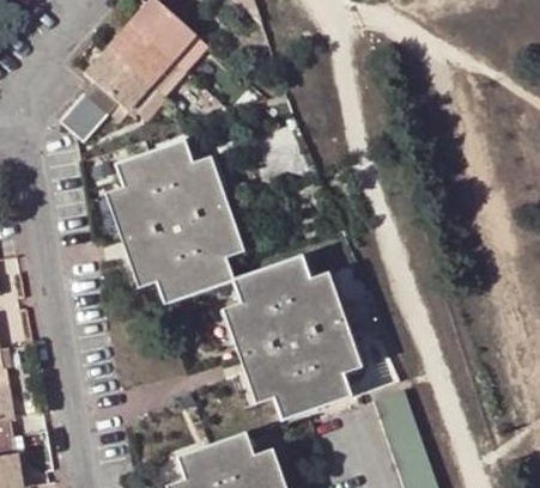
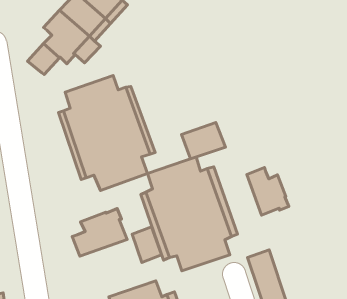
building: none -> [182,122,225,159]
building: none -> [247,167,289,215]
building: none -> [72,209,127,256]
building: none -> [132,227,162,262]

